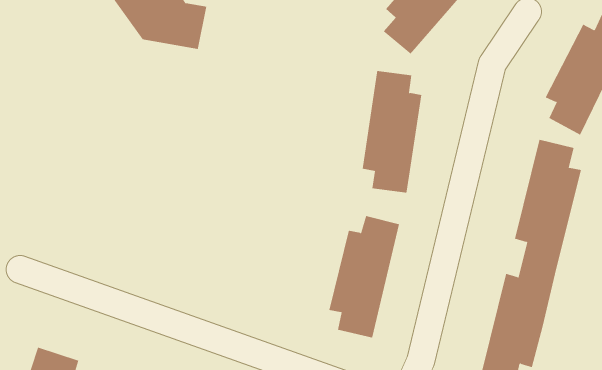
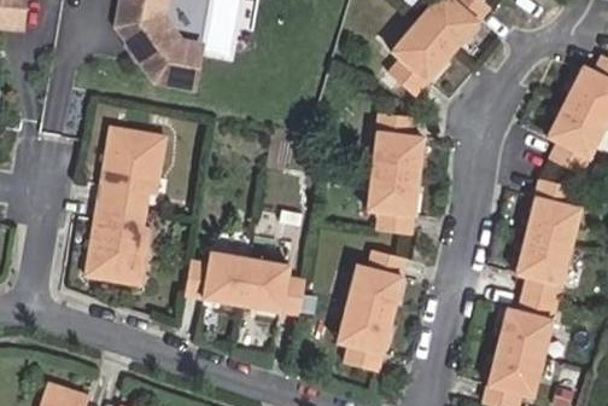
building: none -> [84,123,168,288]
building: none -> [182,254,303,319]

